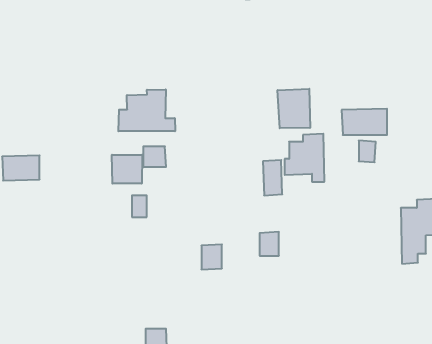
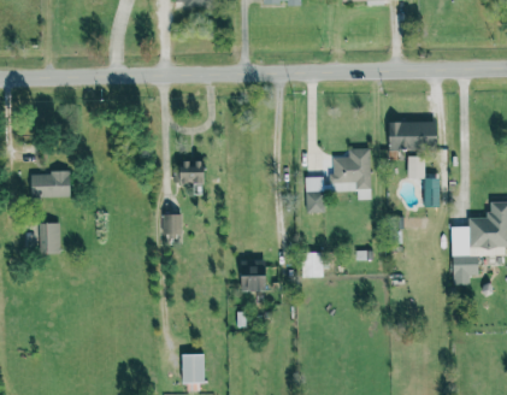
building: [278,89,310,128] -> none
building: [118,89,175,131] -> none
building: [112,155,142,184] -> none
building: none -> [40,222,60,253]

